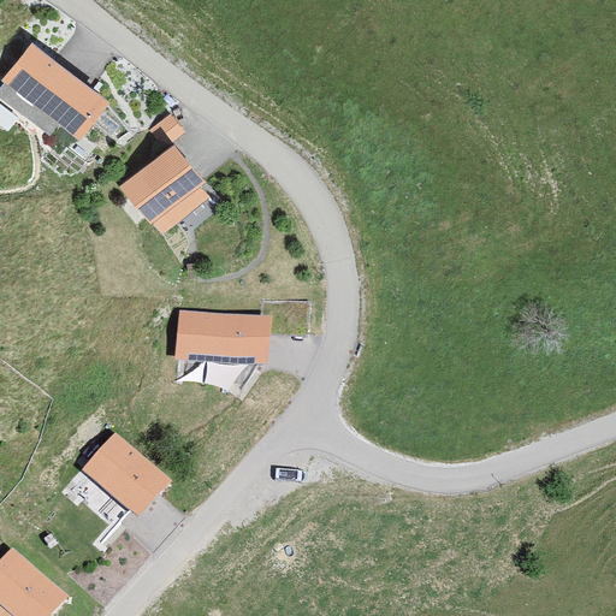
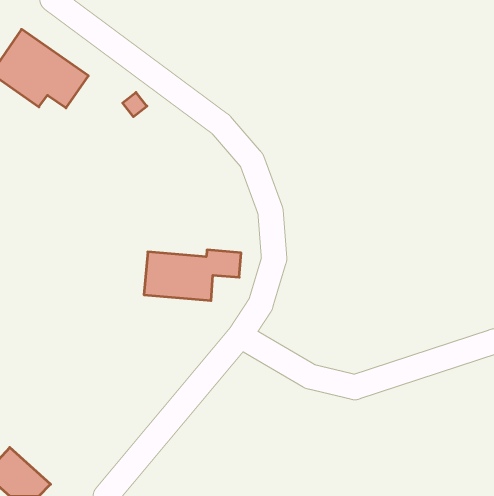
building: [122,146,207,230] -> none
building: [84,442,170,525] -> none

